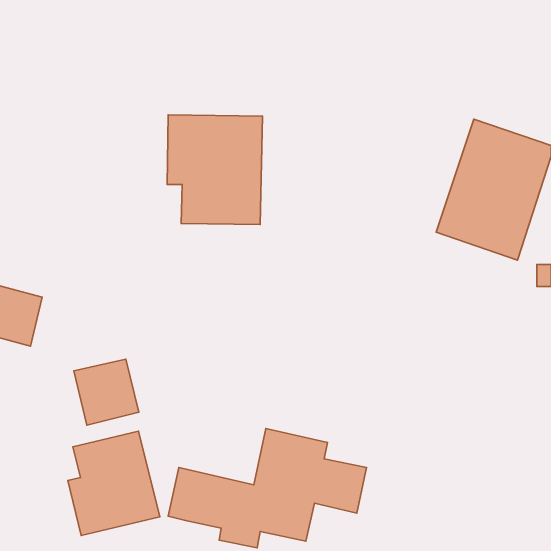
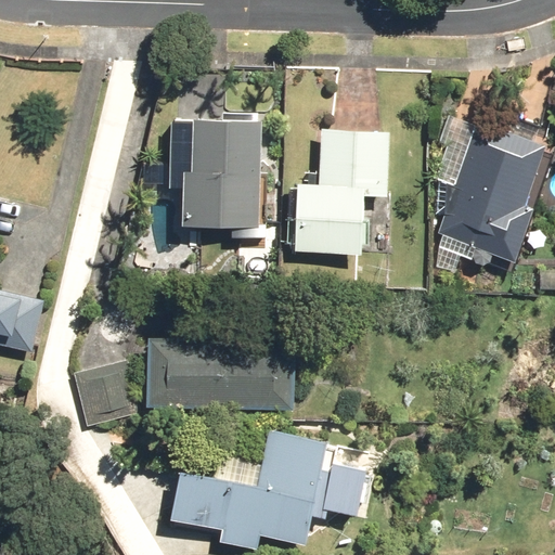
building: none -> [293,130,387,257]
building: none -> [146,338,296,413]
building: [68,431,160,536] -> none

